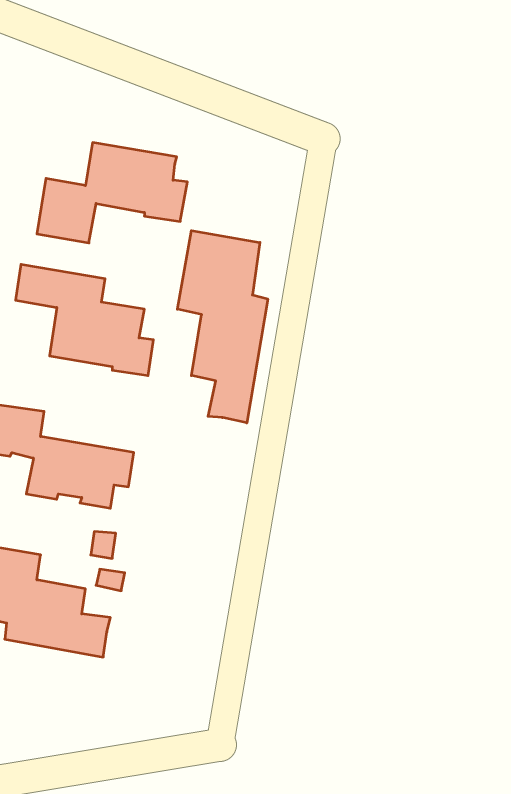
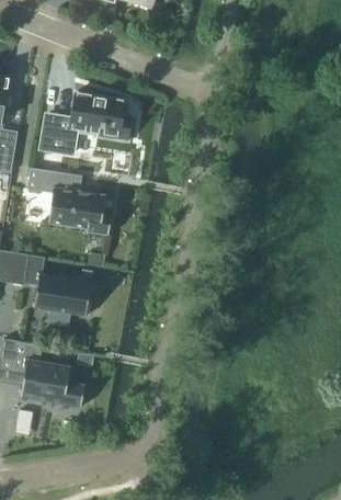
building: [177,231,268,423] -> none

